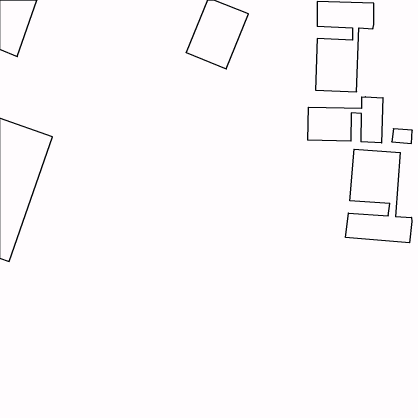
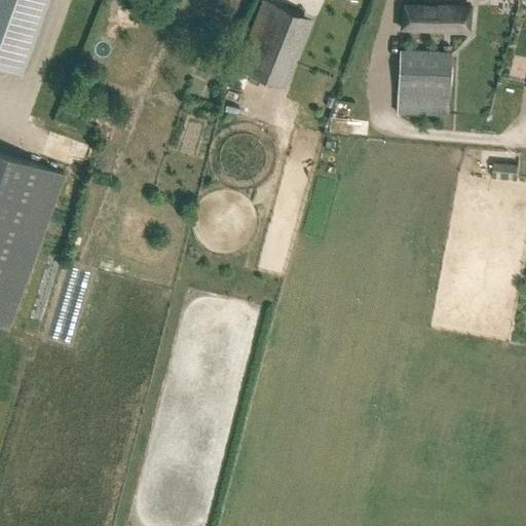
building: [308,97,383,143] -> none
building: [346,149,412,243] -> none

